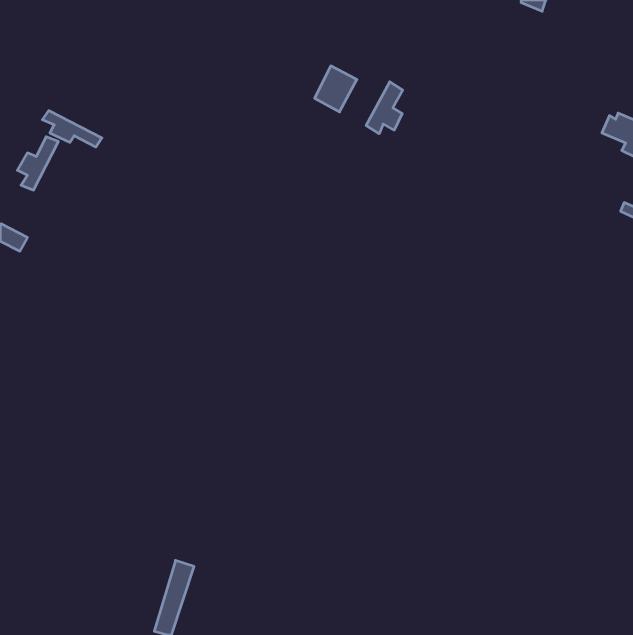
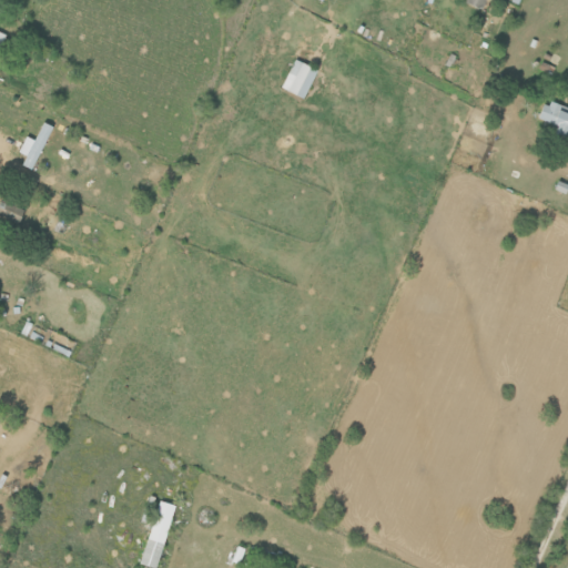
building: [366,82,403,134] -> none
building: [42,111,102,147] -> none

